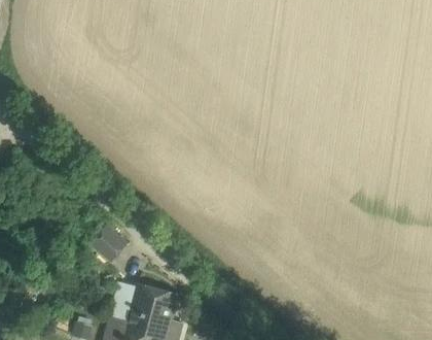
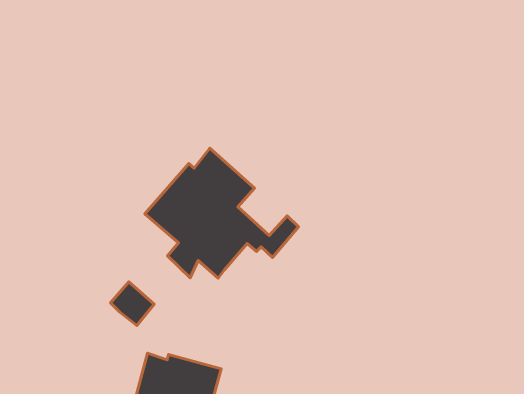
building: none -> [145,148,299,278]

